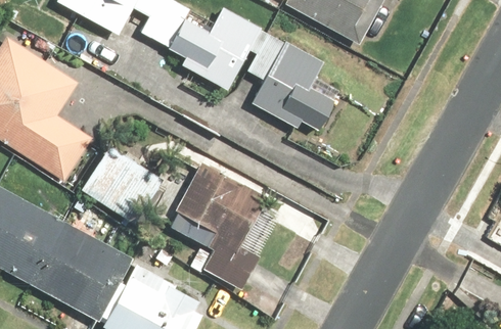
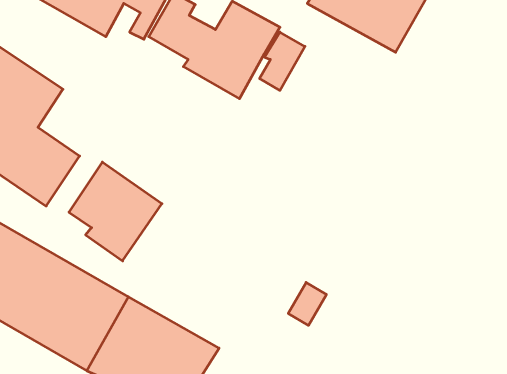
building: [256,46,349,135] -> none
building: [165,160,267,291] -> none

